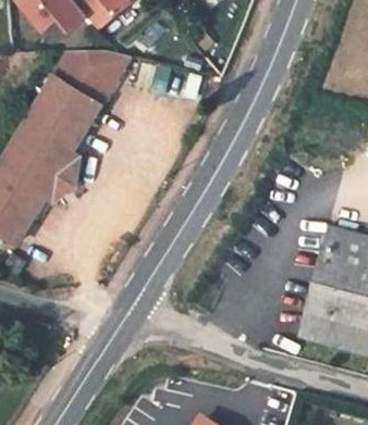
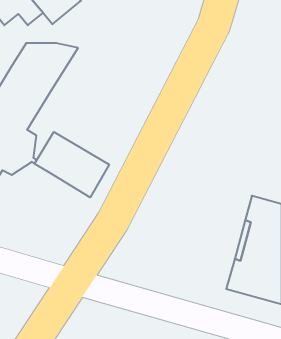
building: none -> [35,132,109,197]

